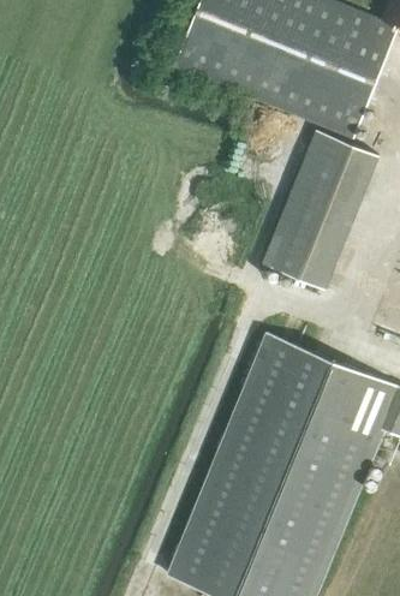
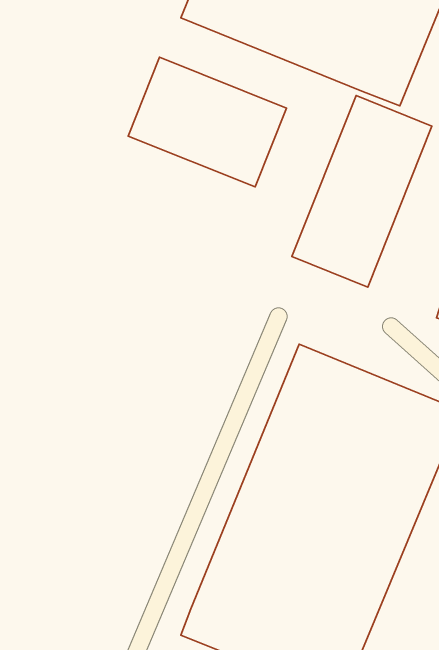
building: none -> [128,57,286,187]

